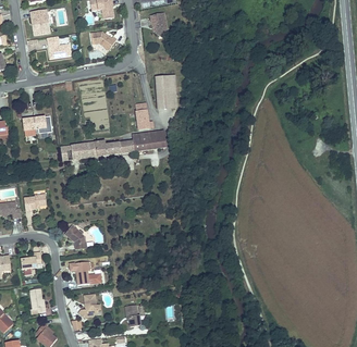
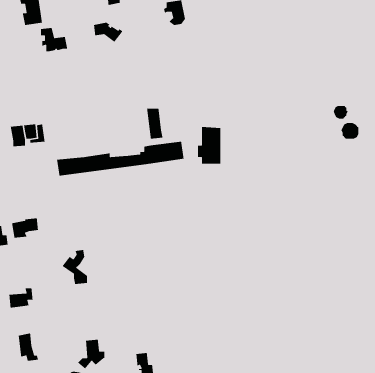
building: [157,79,176,111] -> [197,126,221,165]
building: [69,261,101,285] -> none

